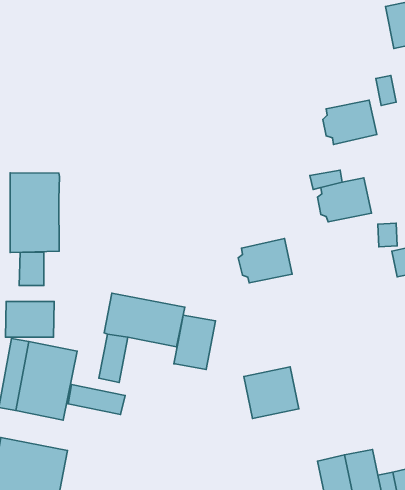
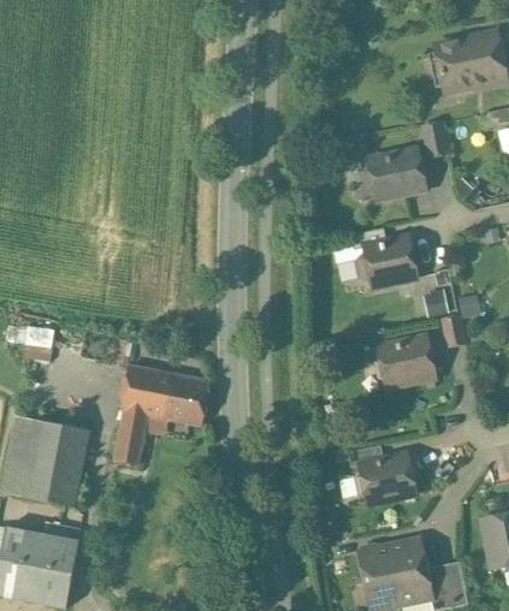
building: [10,173,59,252] -> none
building: [238,238,292,283] -> [374,337,434,386]
building: [5,301,54,337] -> none
building: [174,315,215,370] -> none
building: [244,367,299,419] -> [357,449,419,506]
building: [68,384,125,414] -> none

